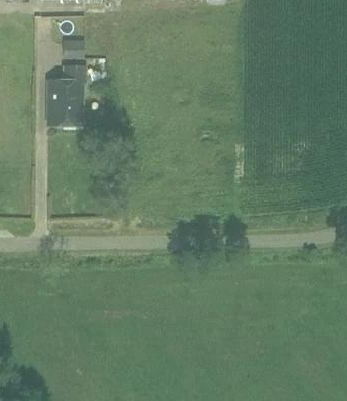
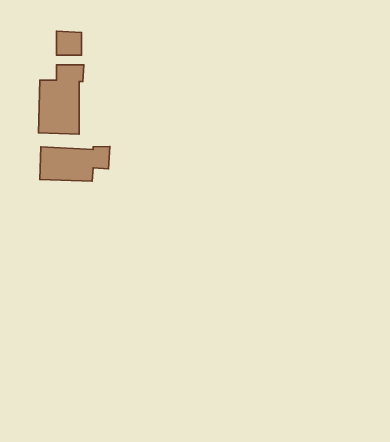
building: none -> [40,147,110,181]

